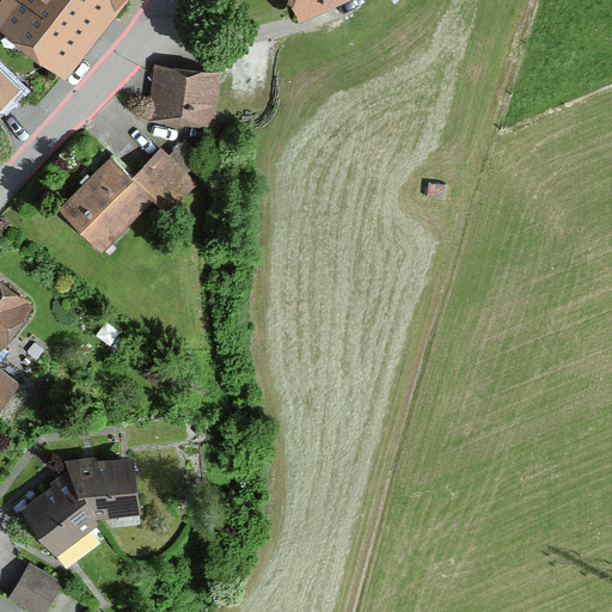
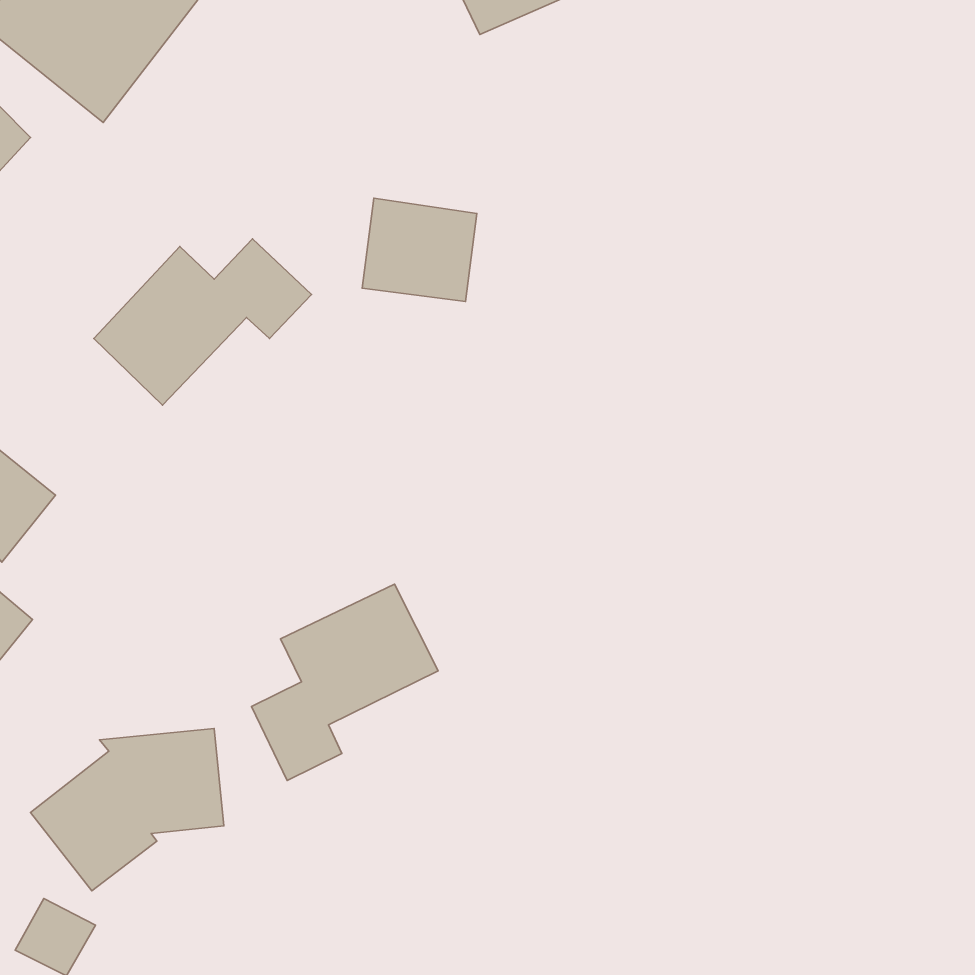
building: [147,66,219,130] -> [362,198,477,301]
building: none -> [252,584,438,781]

